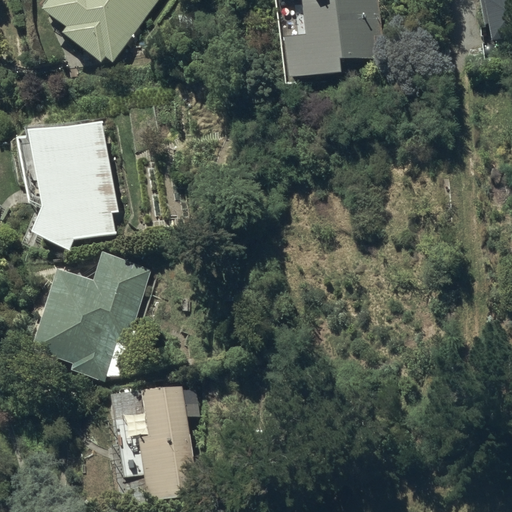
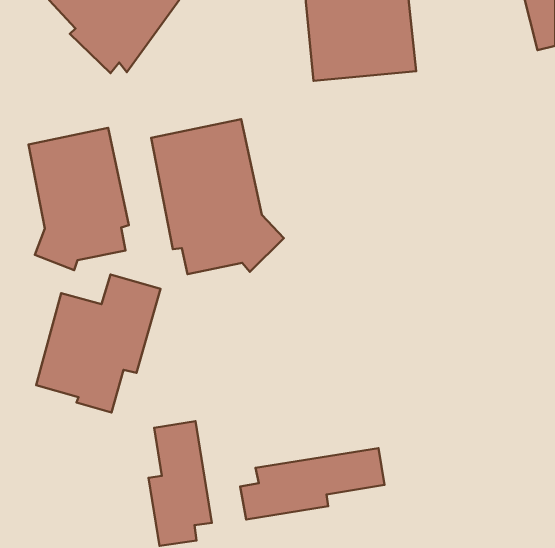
building: none -> [151,119,284,274]
building: none -> [240,448,385,519]

